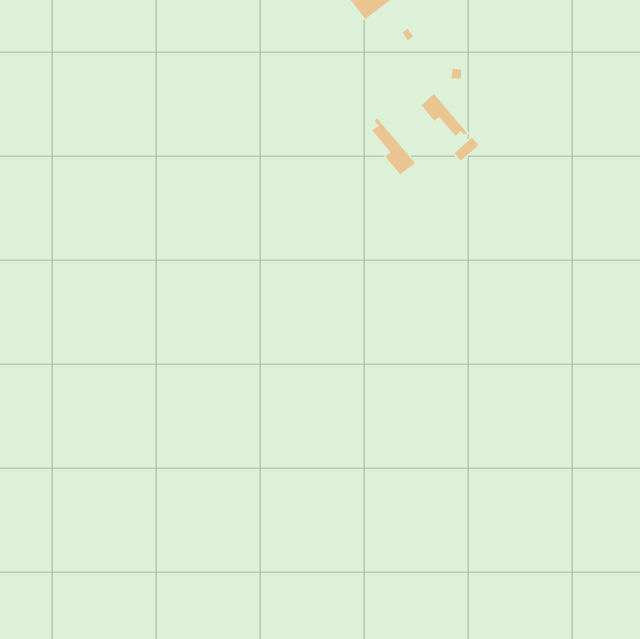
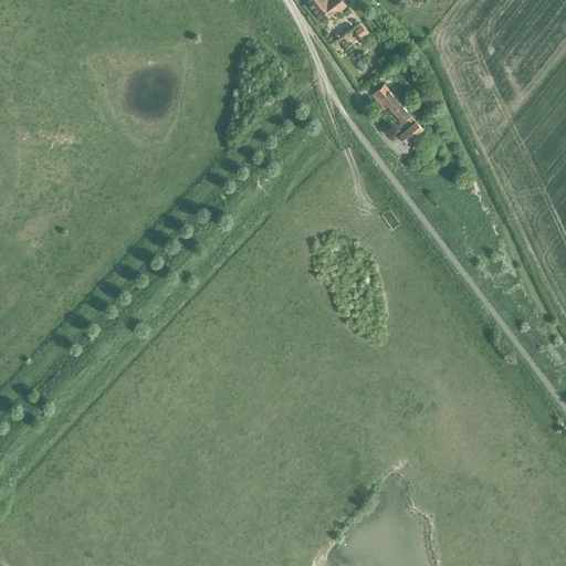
building: [371,117,416,176] -> none

